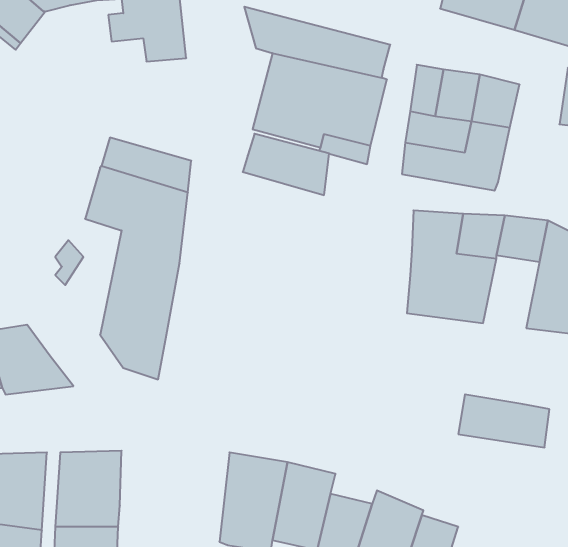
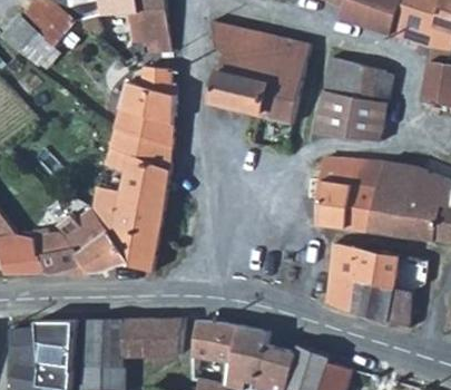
building: [243,134,329,195] -> [118,81,176,123]
building: none -> [369,186,406,235]
building: none -> [73,208,127,274]
building: none -> [326,244,401,306]
building: none -> [125,316,182,354]

